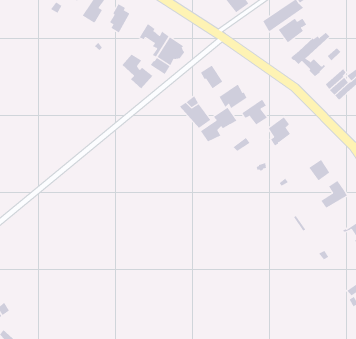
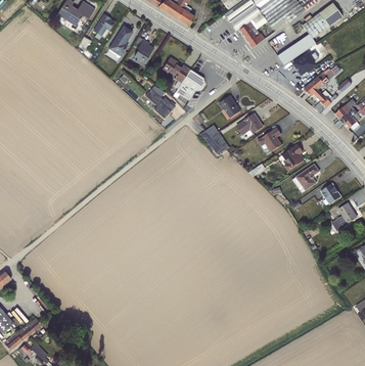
building: [200,107,237,142] -> none
building: none -> [292,164,319,192]

